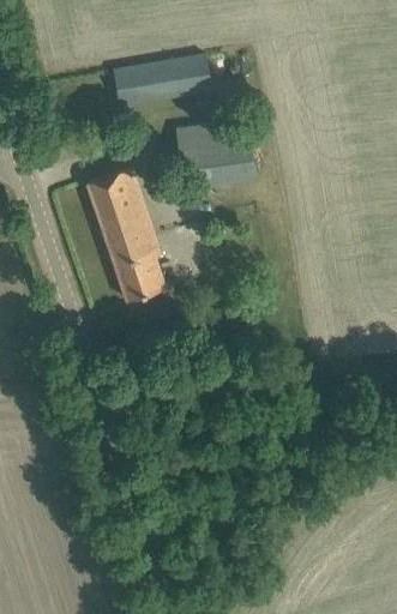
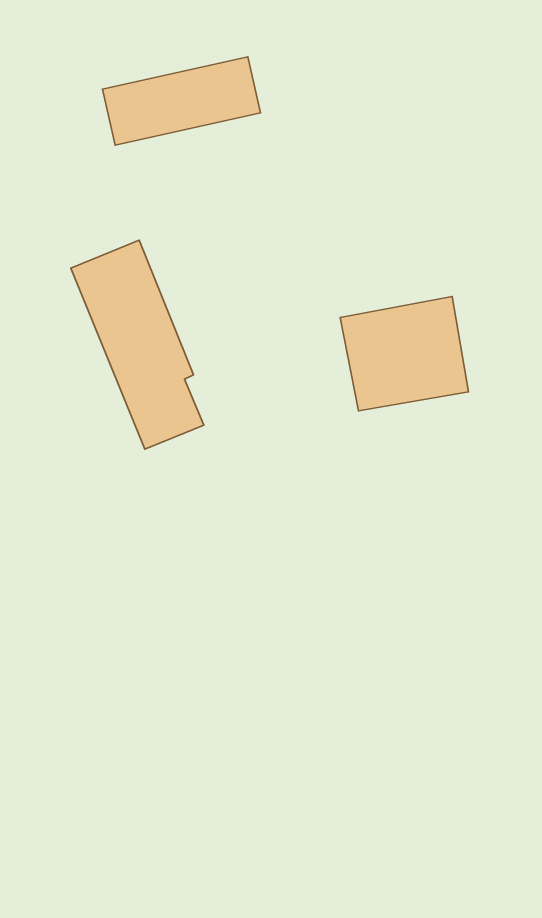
building: [174,118,253,187] -> [340,296,469,411]

